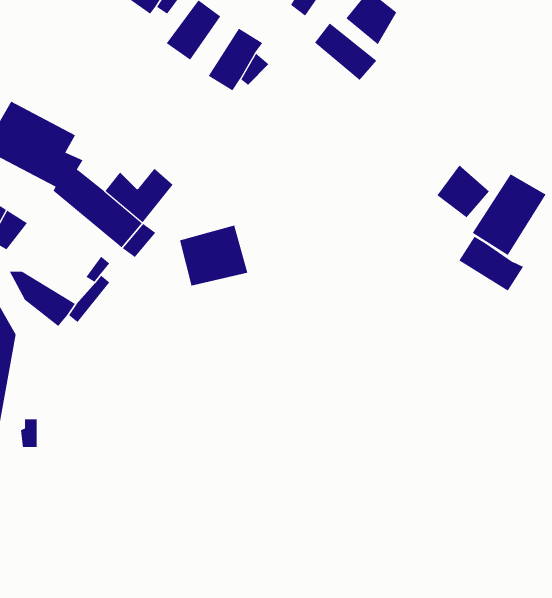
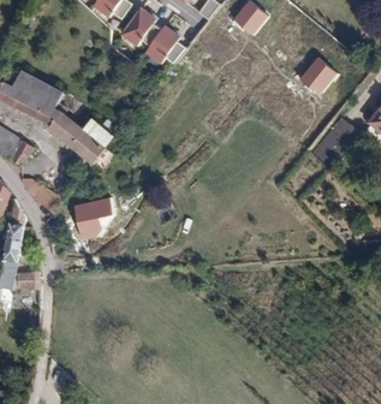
building: [314,23,377,81] -> none
building: [436,165,490,218] -> [300,58,334,91]
building: [179,225,248,286] -> [73,195,117,233]
building: [458,236,524,291] -> none

